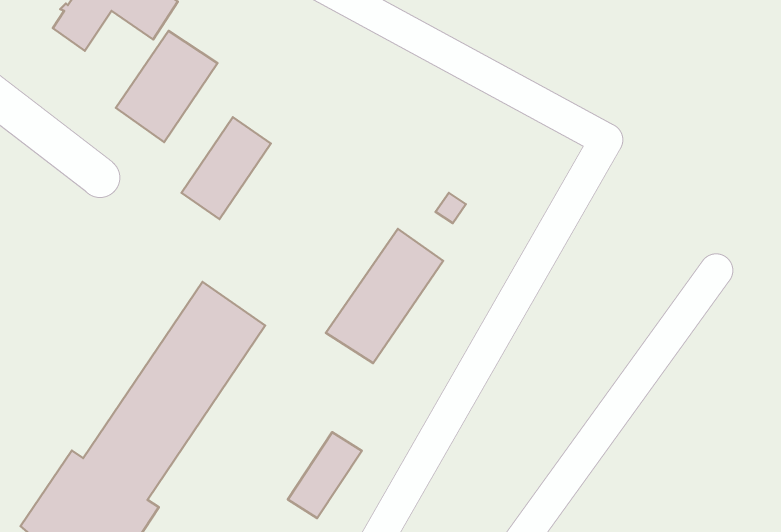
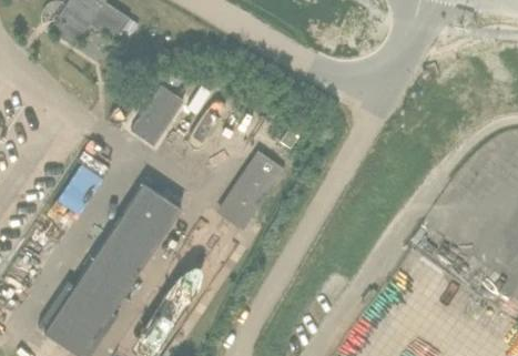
building: [116,31,217,142] -> none
building: [288,432,362,518] -> none

